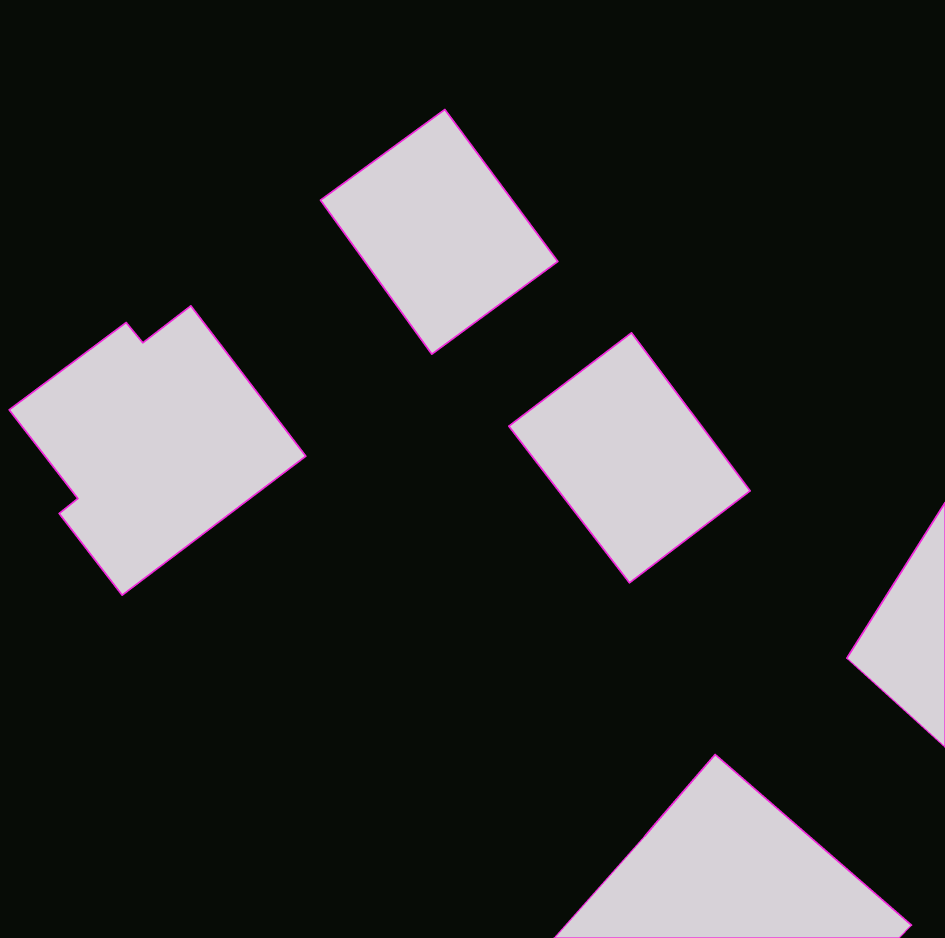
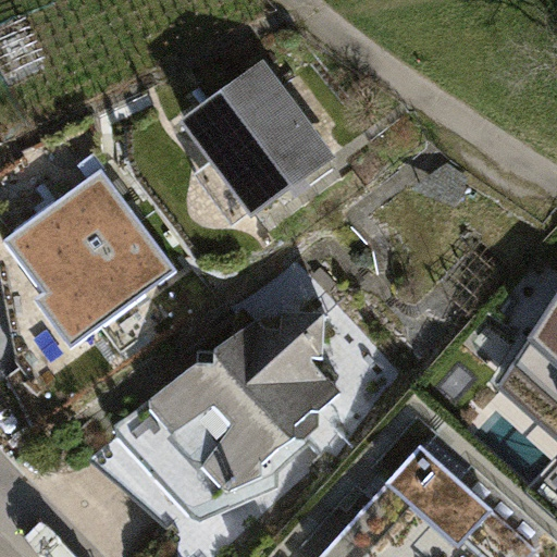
building: [509,333,750,583] -> none
building: none -> [116,312,342,515]

